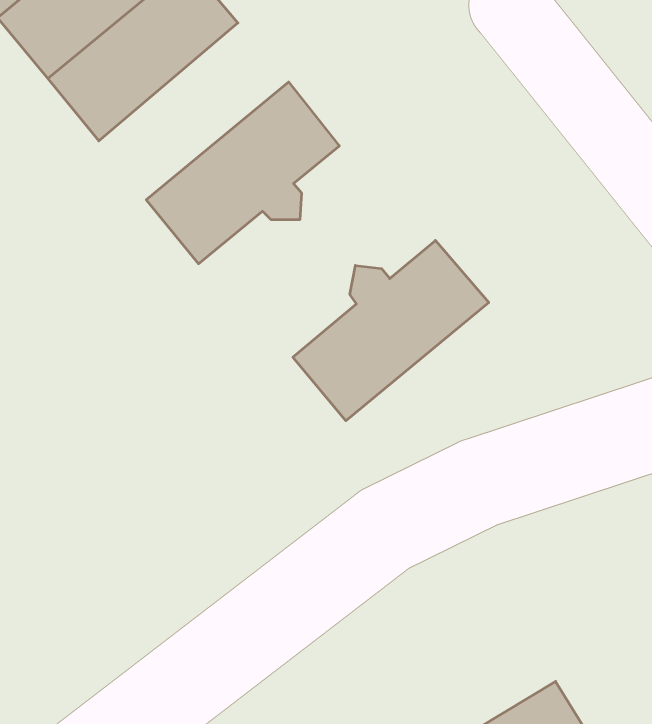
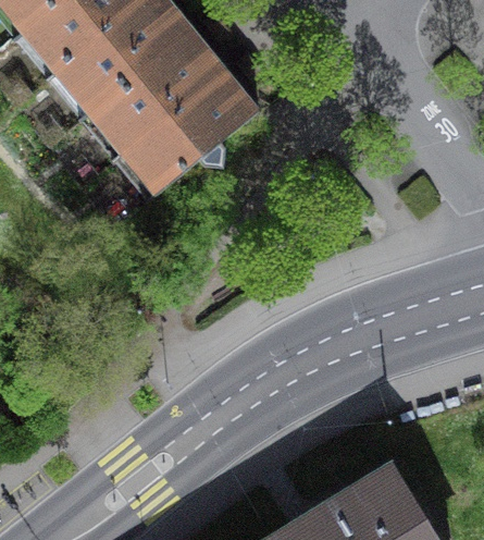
building: none -> [89,35,215,152]
building: [293,240,489,421] -> none

